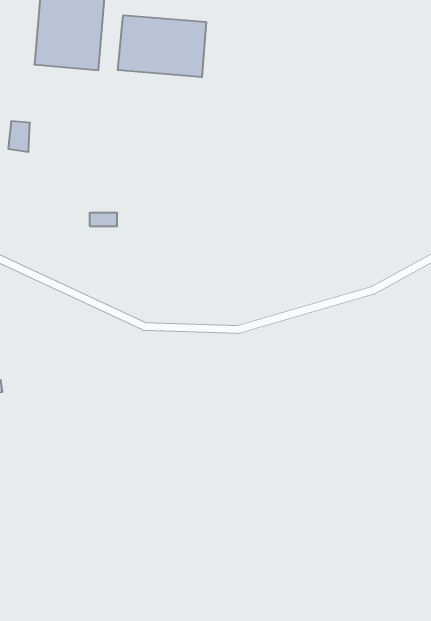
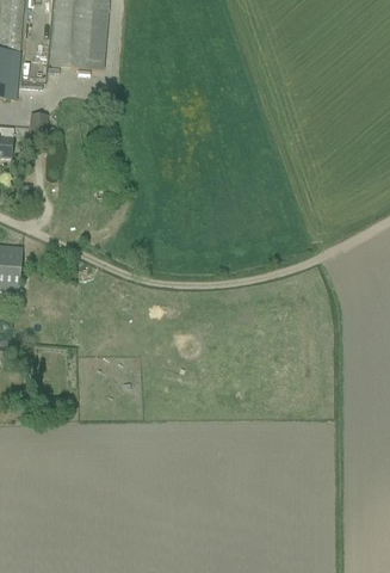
building: [118,15,206,77] -> none

